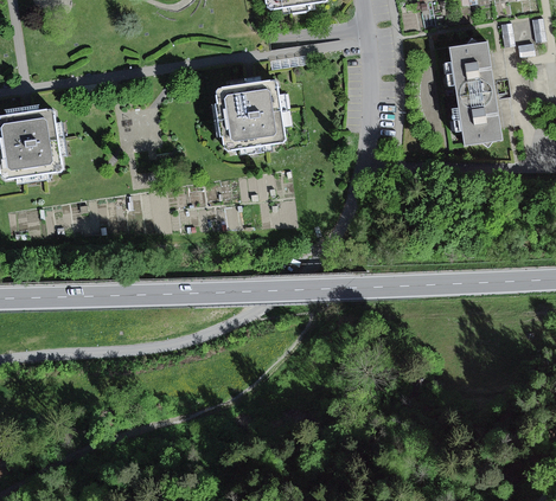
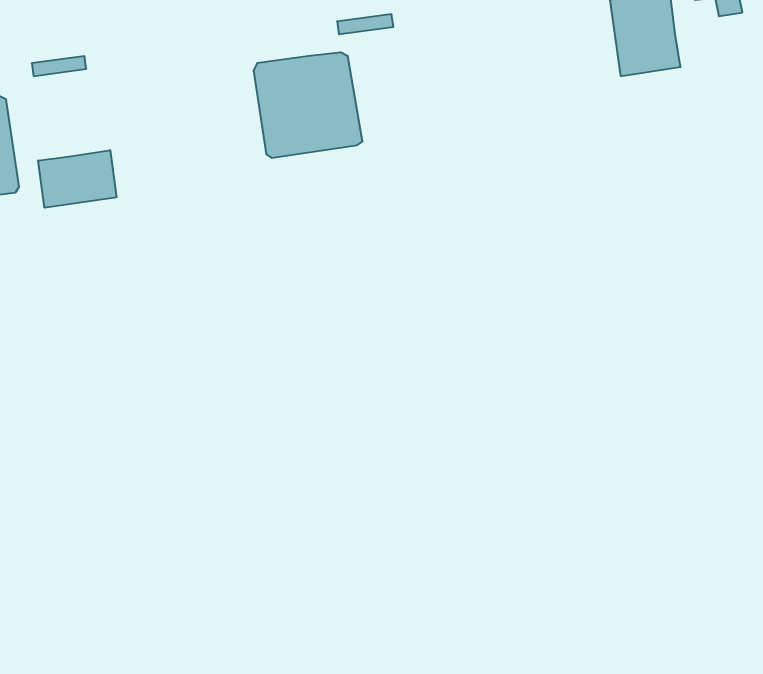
building: [454,90,501,146] -> none
building: none -> [38,150,116,208]

